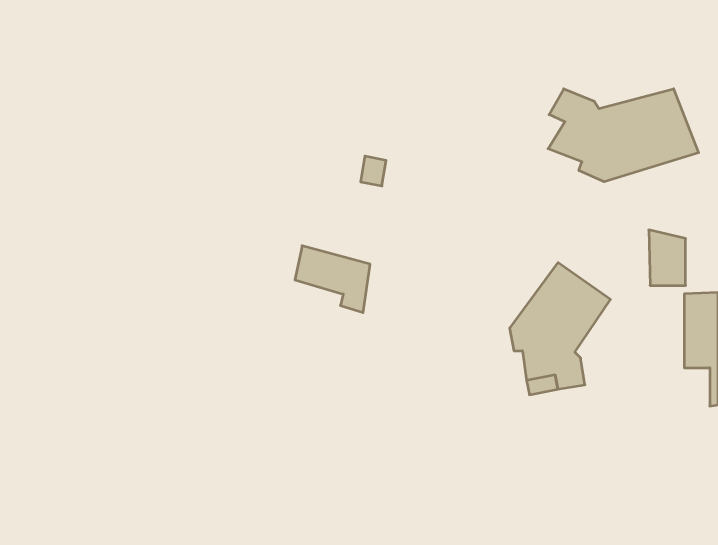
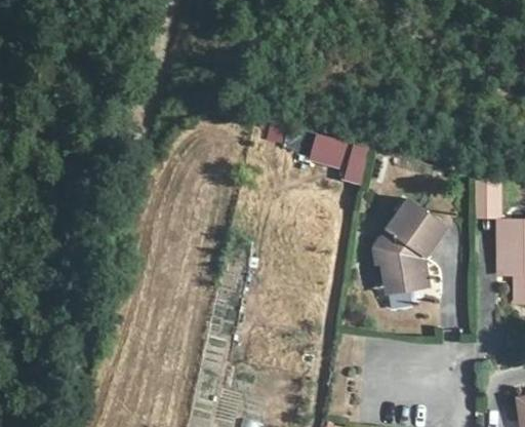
building: [548,89,699,182] -> none
building: [295,246,370,313] -> [311,135,365,184]

